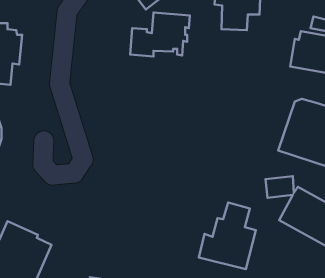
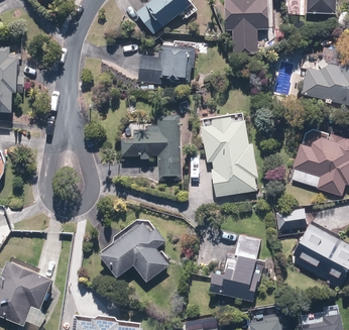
building: none -> [201,112,258,197]
building: none -> [119,113,182,185]
building: none -> [98,219,170,284]

